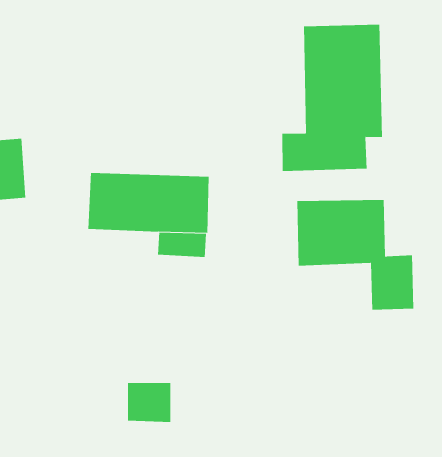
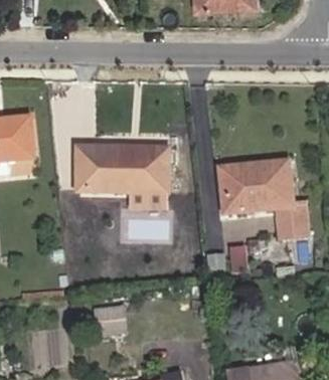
building: [282,24,382,172] -> none

